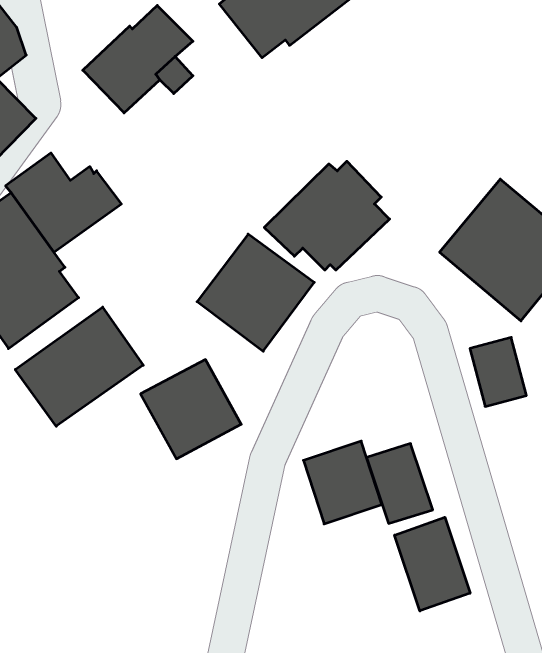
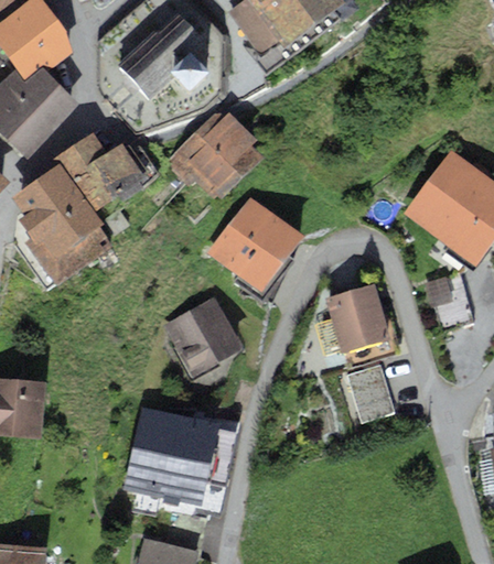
building: [264,161,390,270] -> [163,111,264,198]
building: [15,307,143,426] -> none
building: [303,441,382,524] -> [325,285,388,351]
building: none -> [126,409,216,503]
building: [395,517,470,611] -> none

